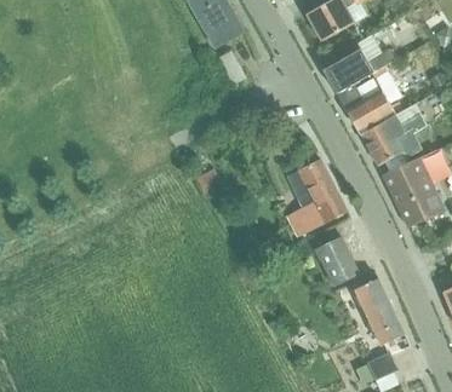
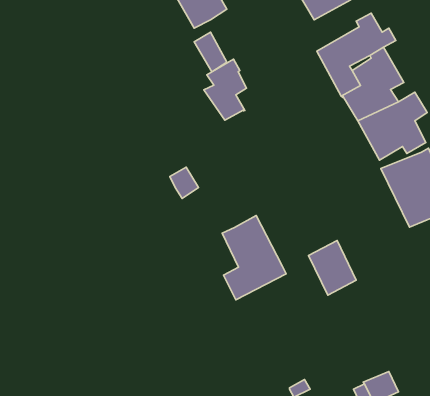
building: none -> [204,59,247,120]
building: [288,160,345,235] -> [222,215,286,300]
building: [353,278,402,346] -> none

